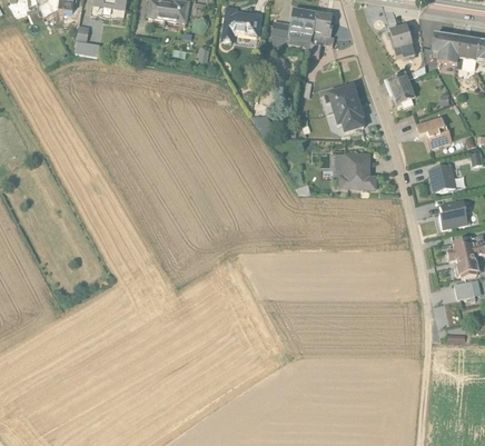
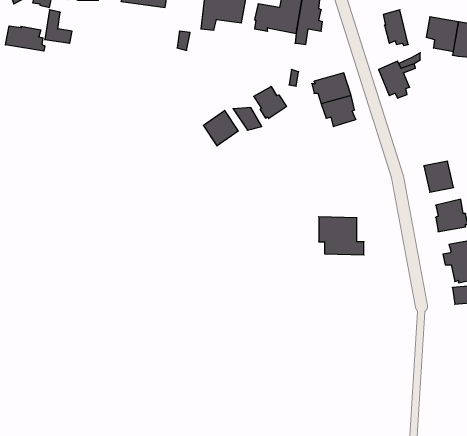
building: none -> [5,26,45,51]
building: none -> [254,86,287,119]
building: [415,116,452,148] -> none
building: none -> [203,110,238,146]
building: [333,153,375,189] -> [319,217,364,255]

